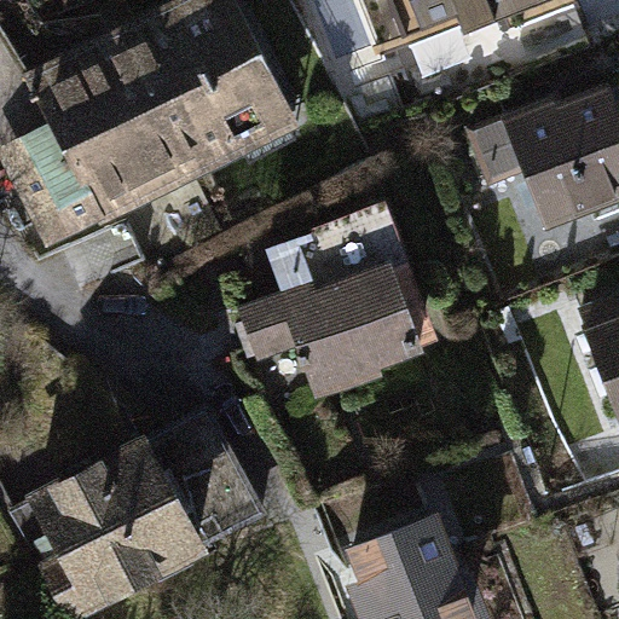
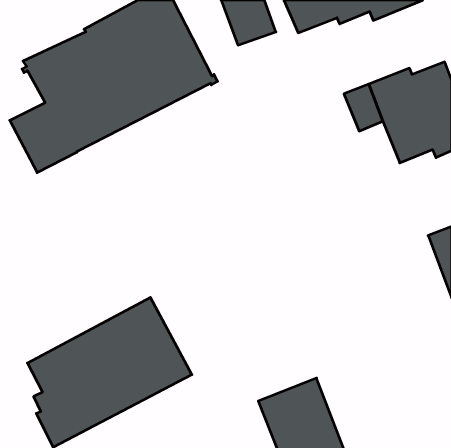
building: [244,213,421,388] -> none

